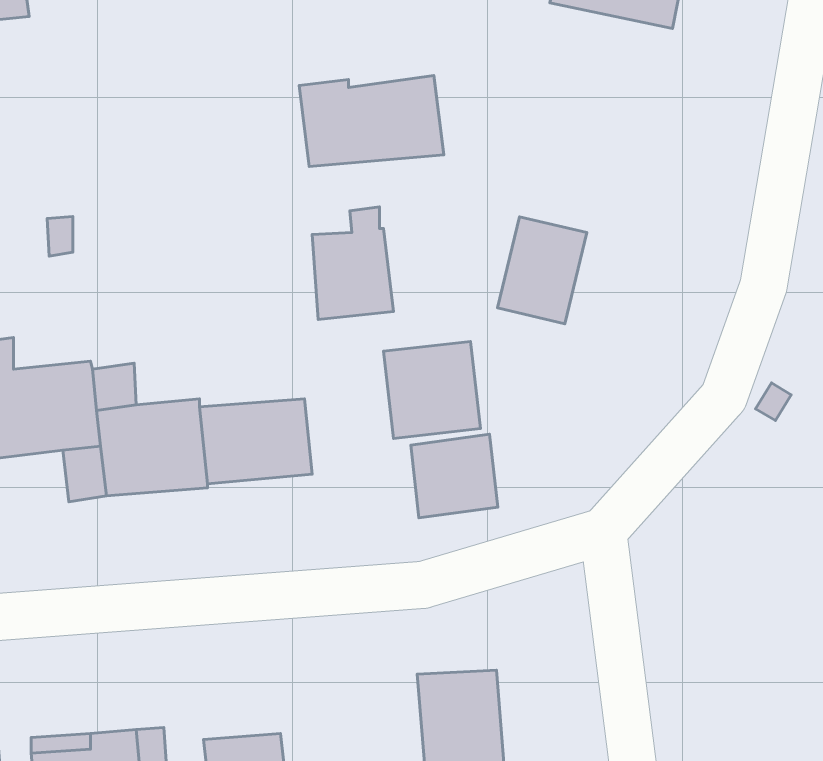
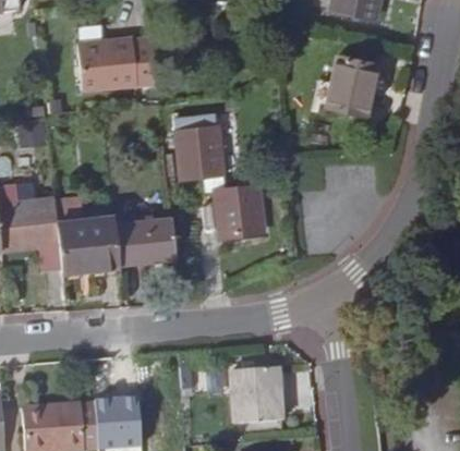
building: [299,76,444,167] -> [77,38,157,88]
building: [498,217,587,324] -> [327,54,376,113]
building: [411,434,498,518] -> none

